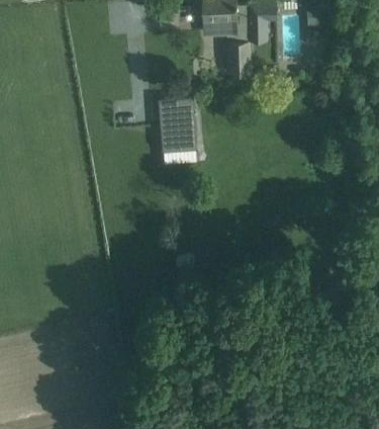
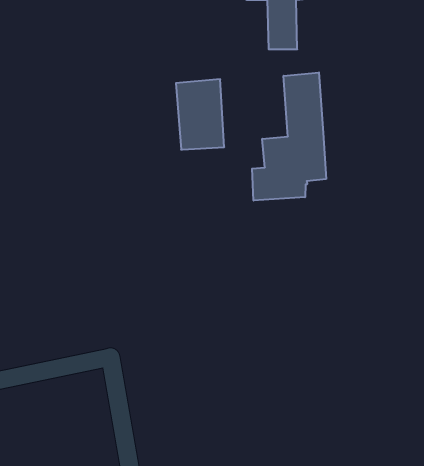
building: none -> [252,72,326,201]

